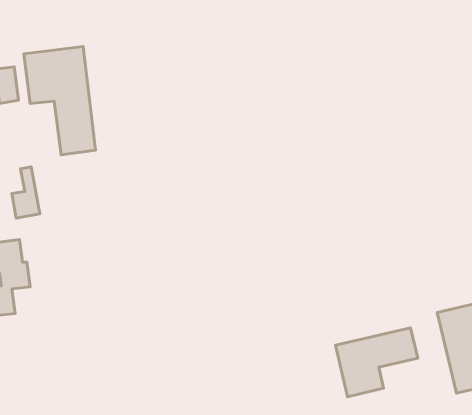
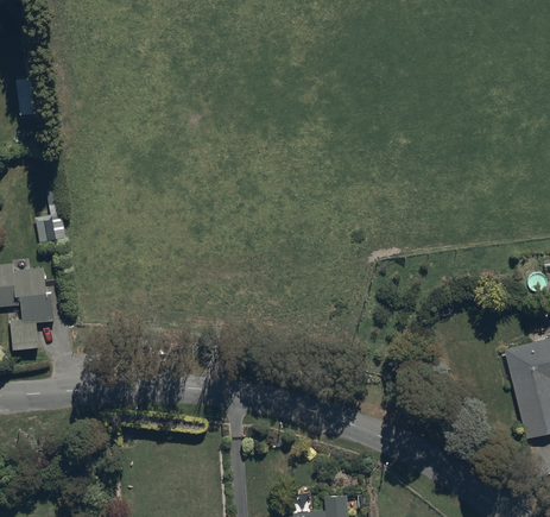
building: [24,47,96,155] -> none
building: [335,328,418,397] -> none

